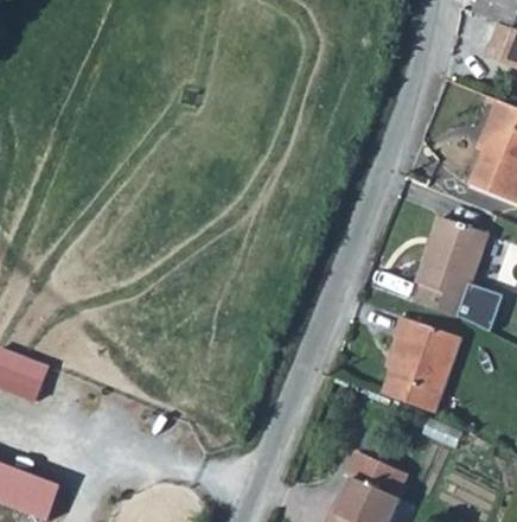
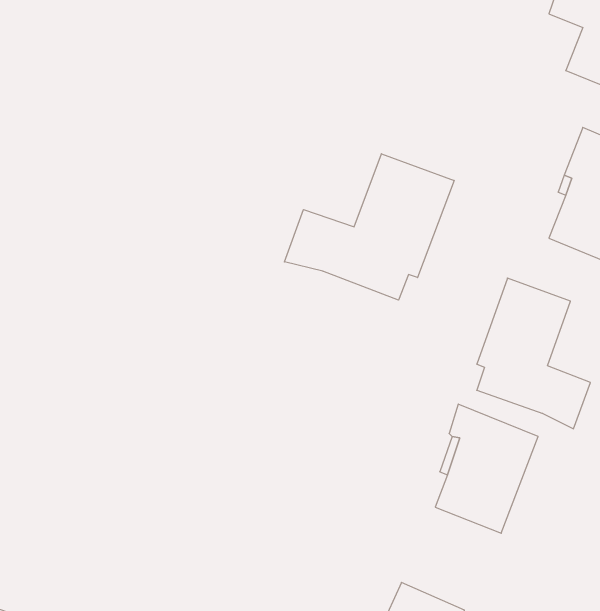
building: none -> [284,154,454,300]

